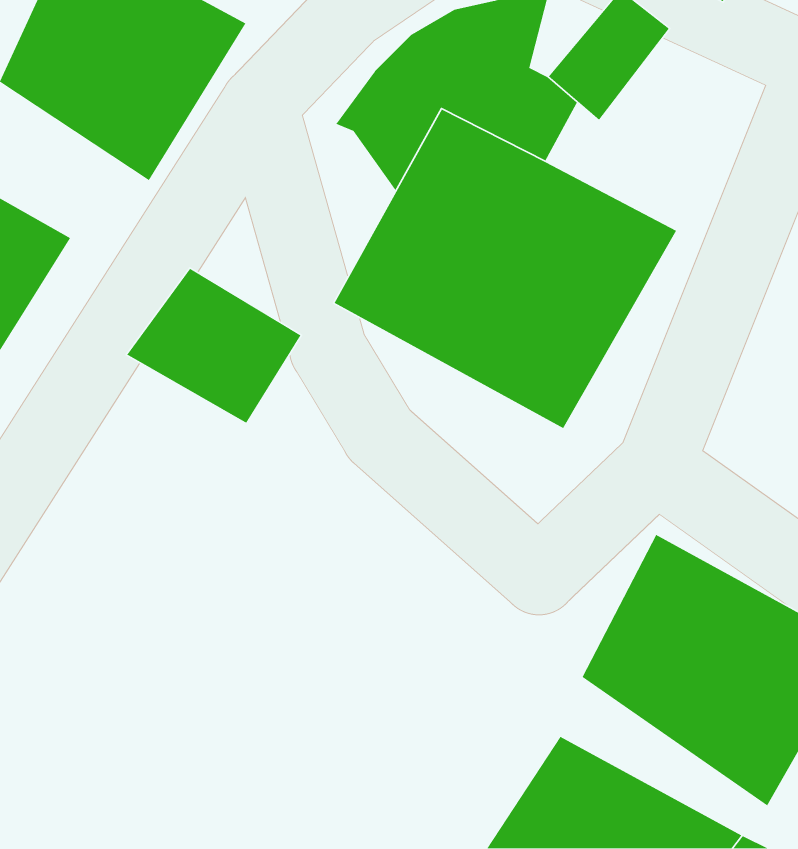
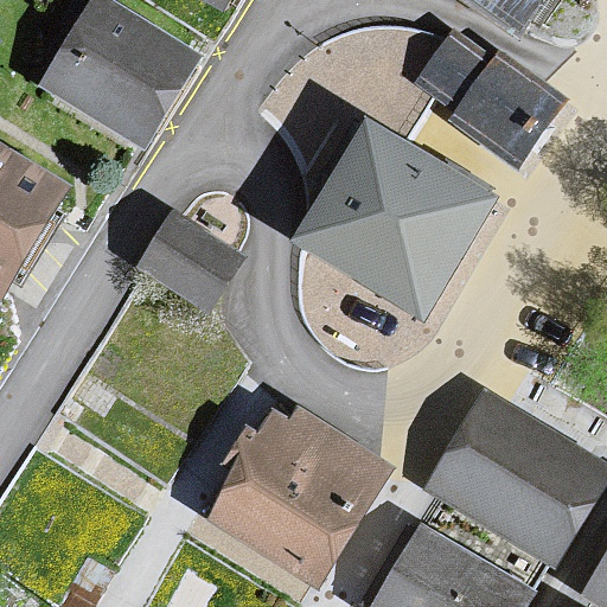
building: none -> [442,52,564,171]
building: none -> [204,392,395,592]

